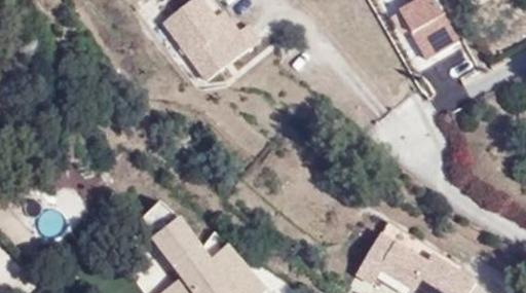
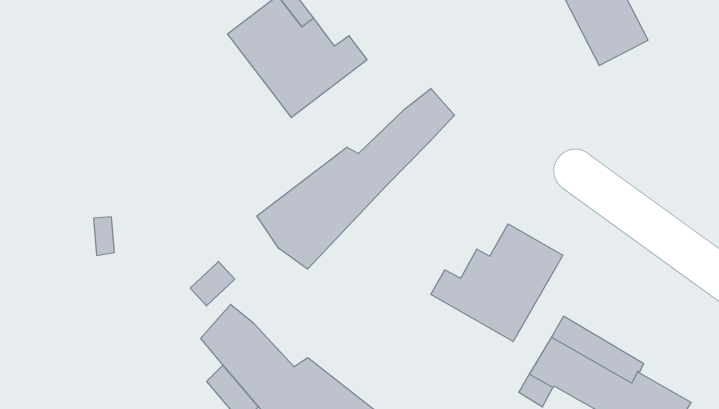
building: none -> [257,88,455,269]
building: none -> [431,224,563,342]

